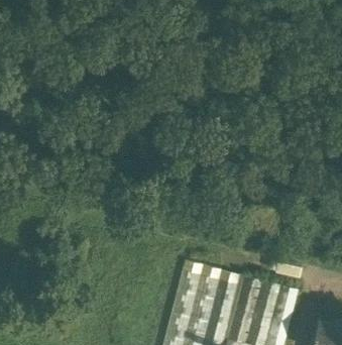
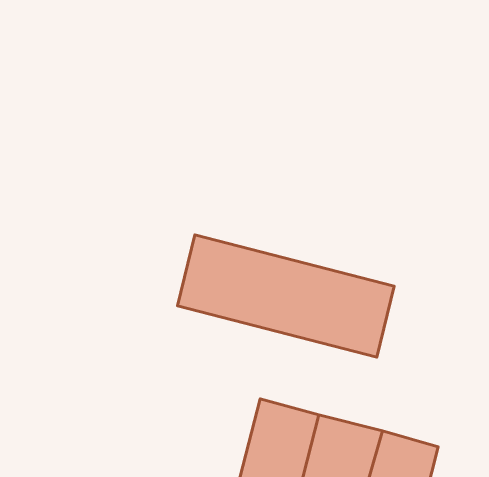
building: none -> [178,235,394,357]

